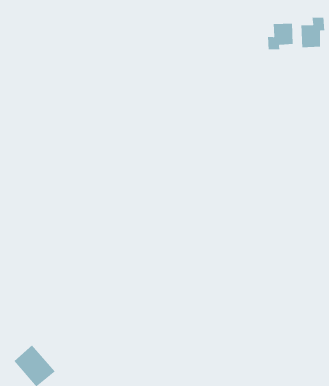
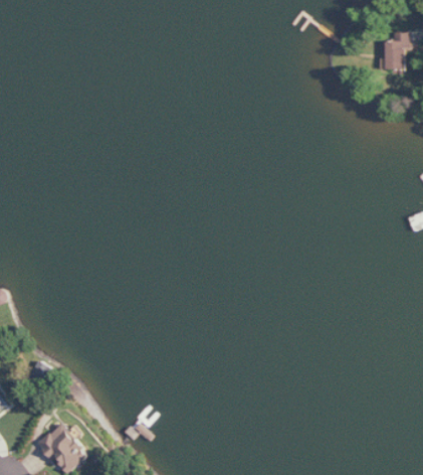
building: [267,23,293,50] -> none

